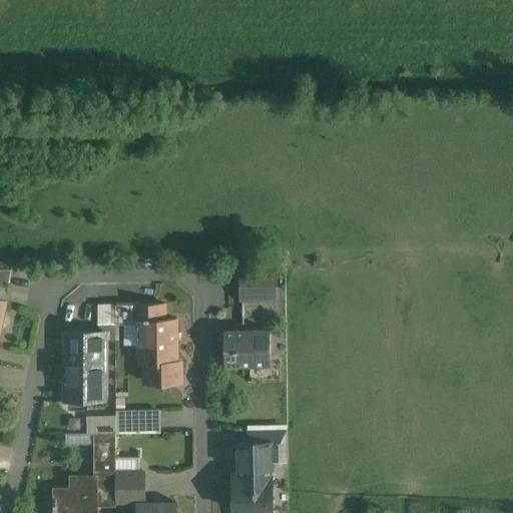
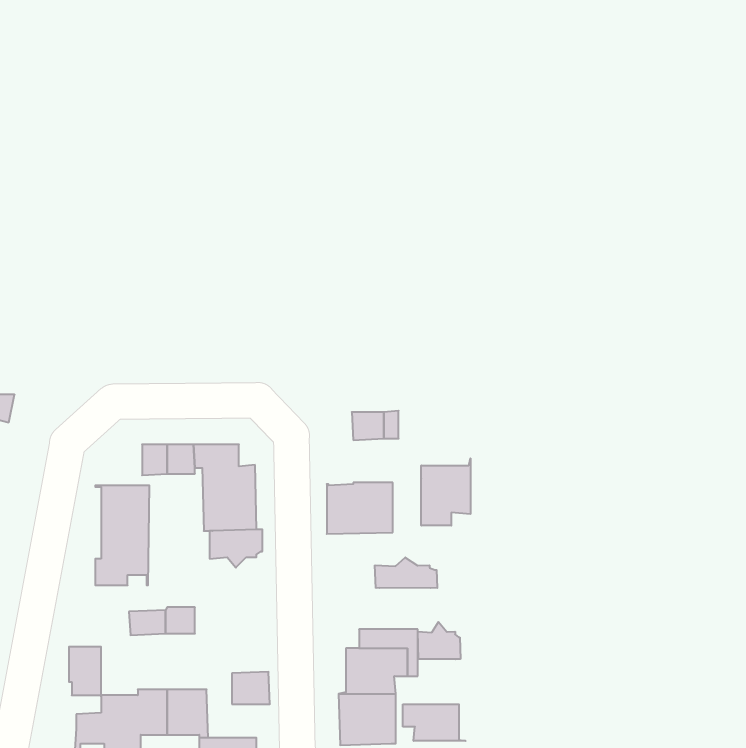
building: none -> [421,458,470,526]
building: none -> [375,557,437,588]
building: [133,412,159,434] -> [232,672,270,704]
building: none -> [418,622,460,659]
building: [92,439,114,472] -> [69,647,101,695]
building: none -> [403,704,466,741]

